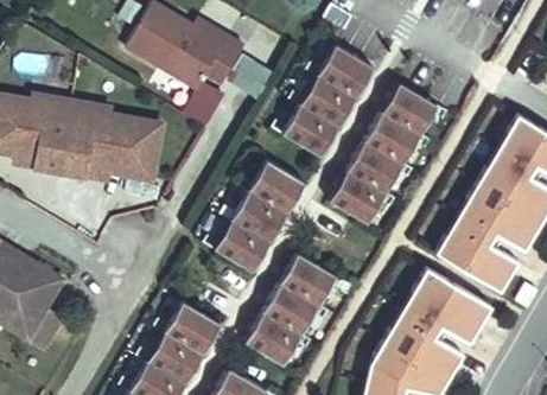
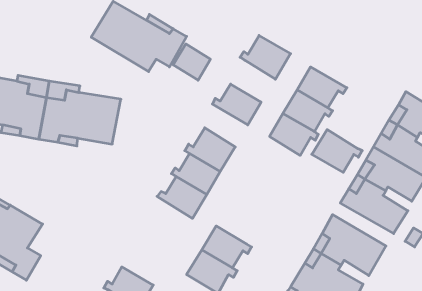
building: [293,76,355,128] -> none
building: [329,171,392,224] -> [312,130,362,172]
building: [281,254,342,305] -> none
building: [159,302,221,356] -> none

